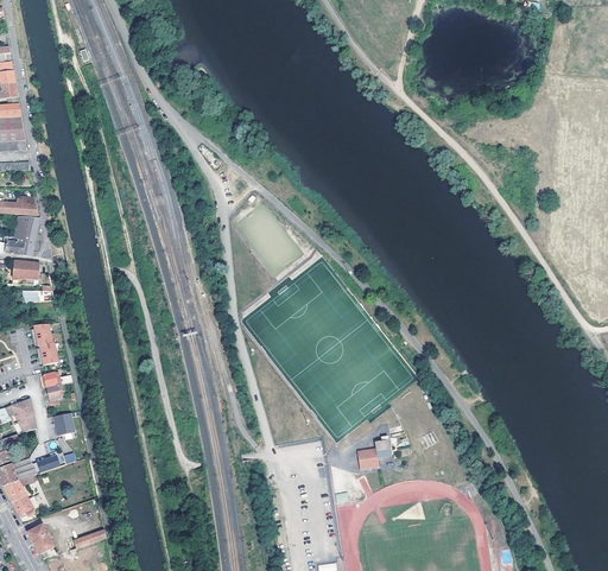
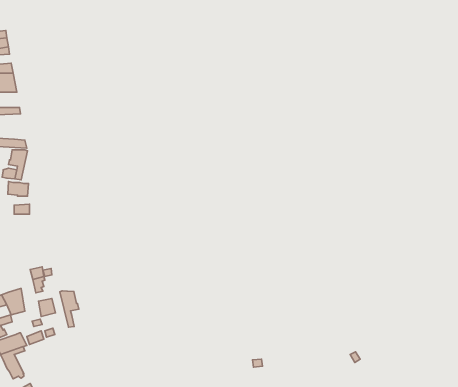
building: [31,323,58,364] -> none
building: none -> [60,291,79,327]
building: [357,436,390,468] -> none

